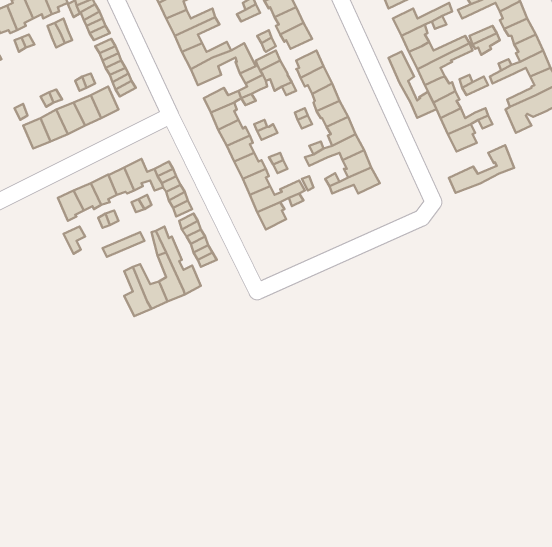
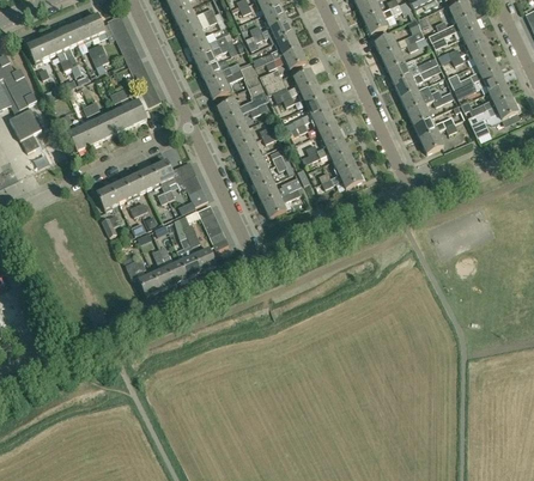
building: [389,52,437,118] -> none
building: [449,145,514,193] -> none
building: none -> [126,257,160,296]

